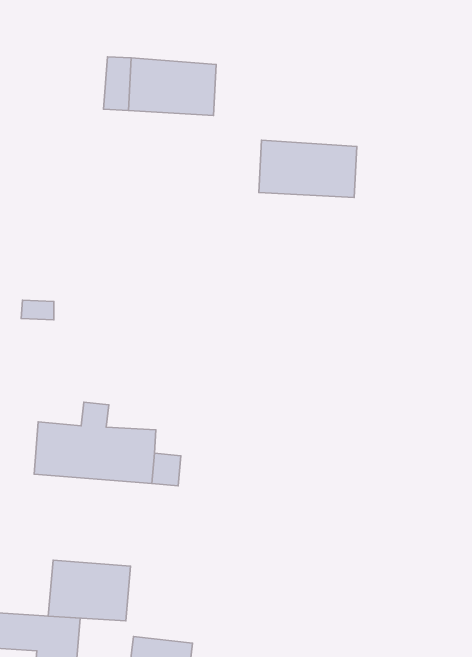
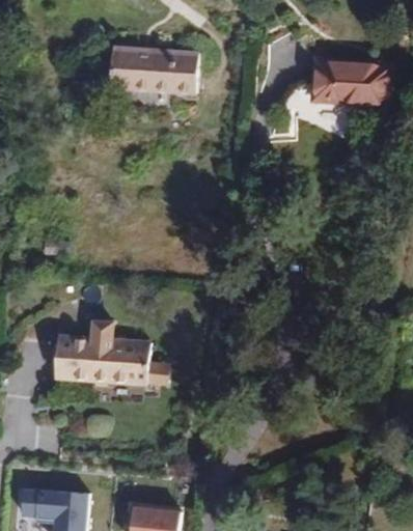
building: [259,140,357,198] -> [312,59,390,105]
building: [48,560,131,621] -> none

